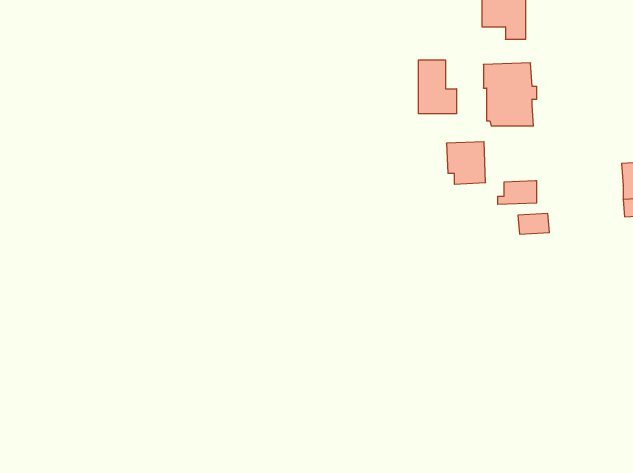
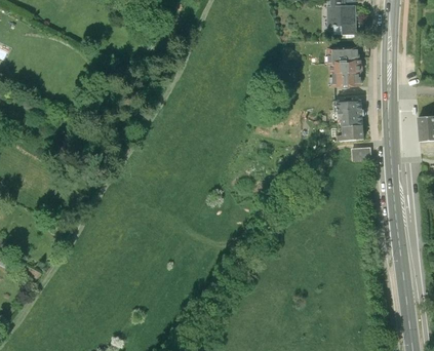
building: [418,60,457,114] -> none
building: [446,142,486,184] -> [334,99,360,126]

